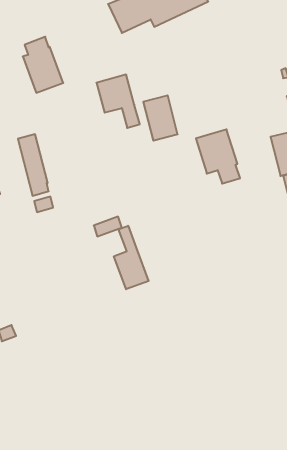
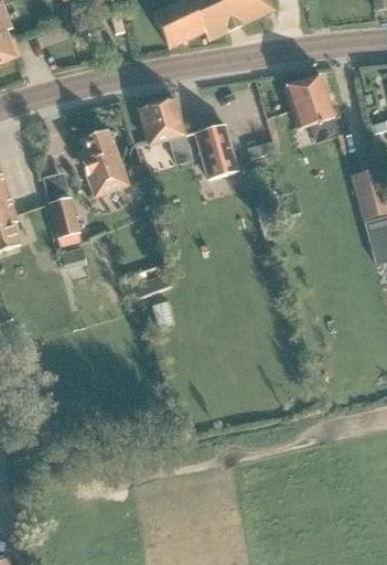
building: [23,37,63,93] -> [78,128,128,196]
building: [196,129,240,184] -> [283,75,337,141]
building: [114,226,149,289] -> none

